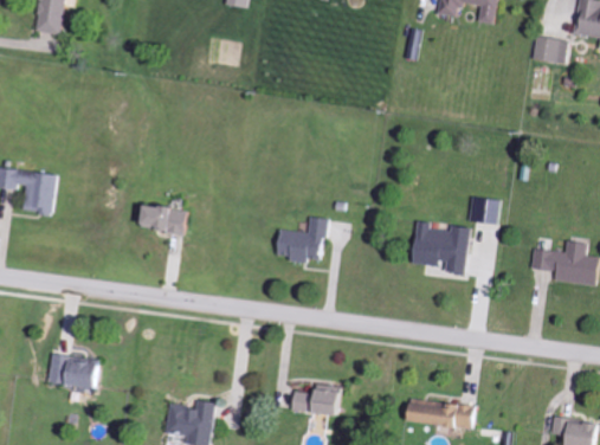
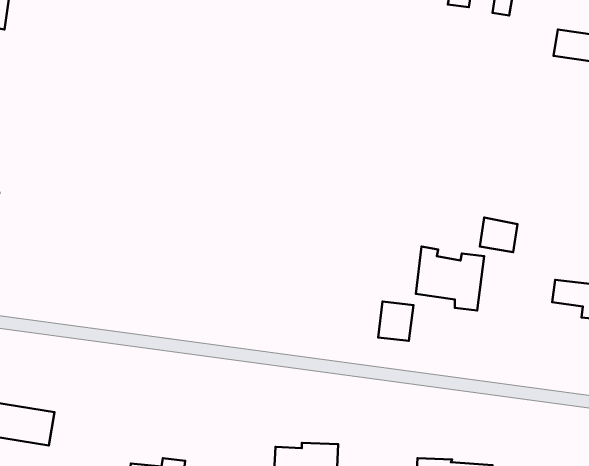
building: [147,207,189,231] -> none
building: [273,217,325,262] -> none
building: none -> [378,302,413,341]

